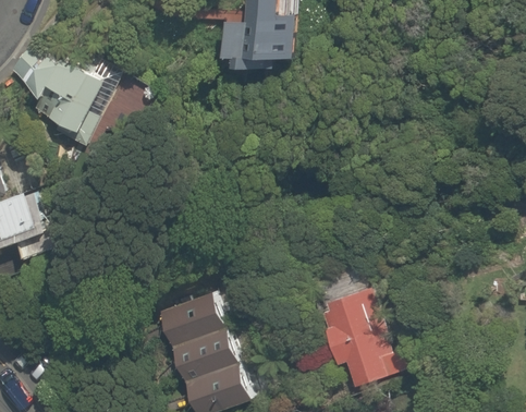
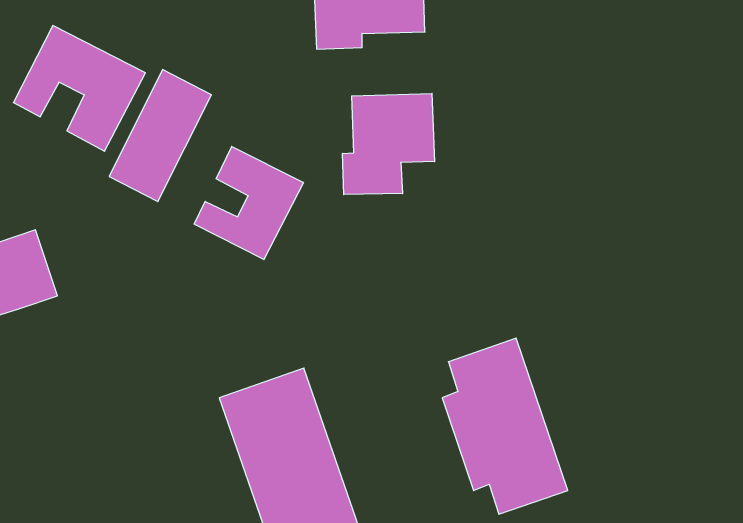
building: none -> [343,93,435,195]
building: none -> [194,146,303,260]

